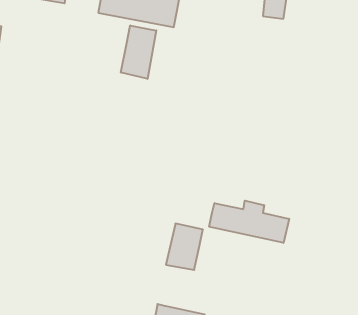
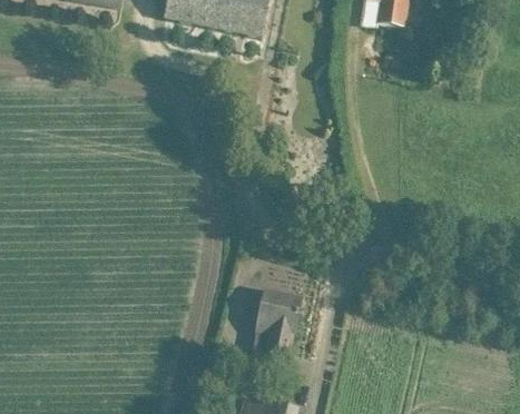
building: [121,25,156,79] -> none
building: [209,201,289,243] -> none

